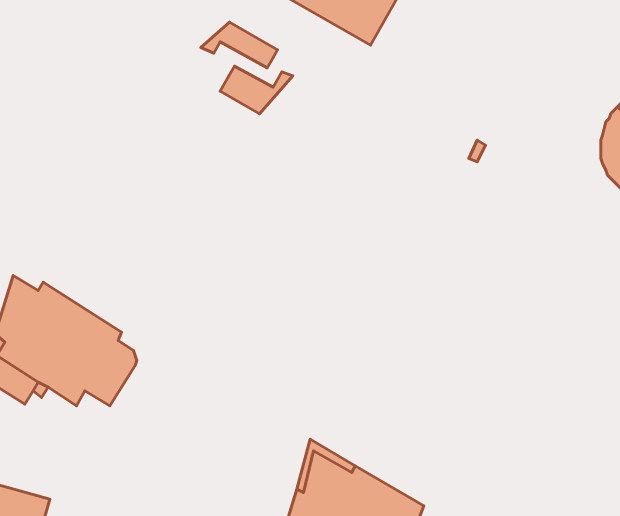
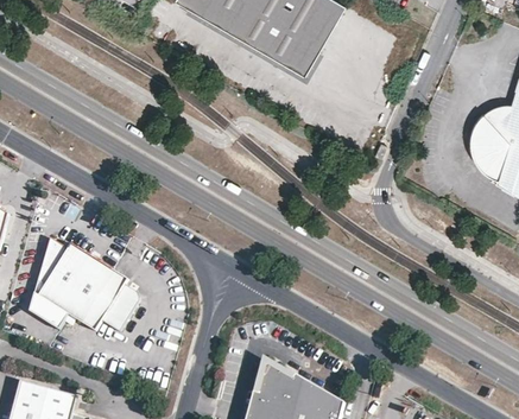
building: [201,22,278,68] -> none
building: [220,66,293,114] -> none

